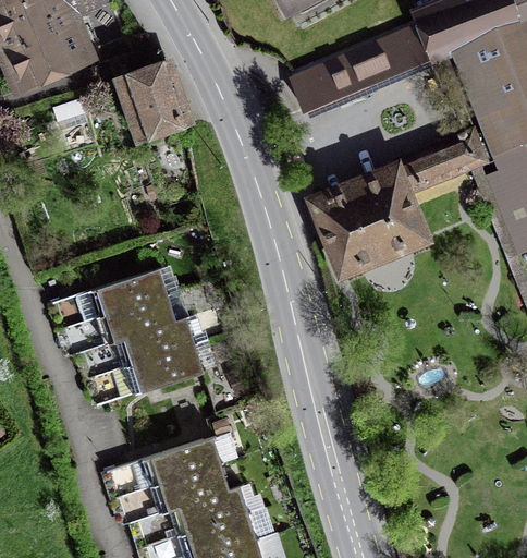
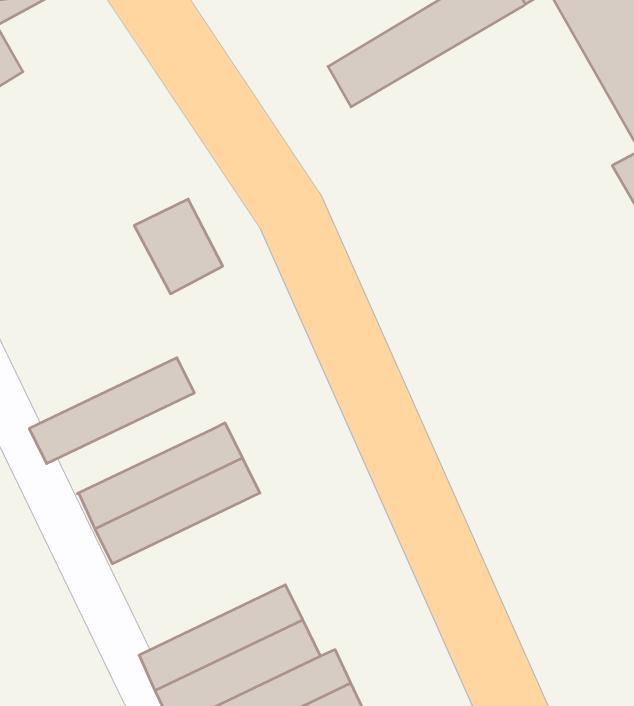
building: [127,69,185,133] -> [134,199,223,294]
building: [315,134,485,270] -> none
building: [59,295,177,357] -> none

